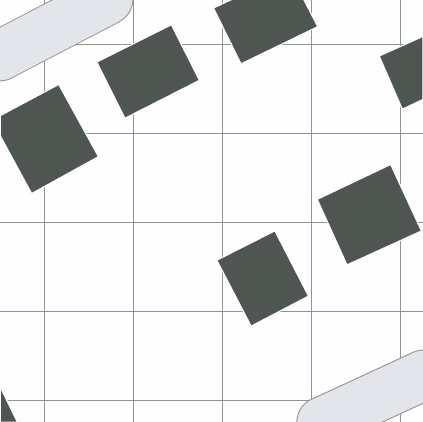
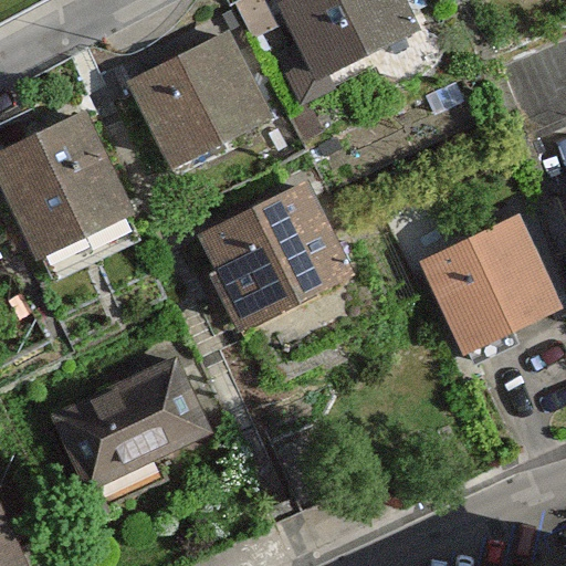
building: none -> [197,180,347,318]
building: [217,231,309,326] -> none
building: none -> [44,350,211,494]

